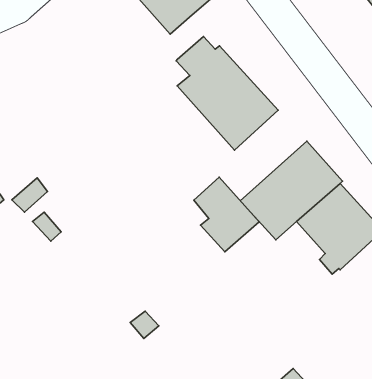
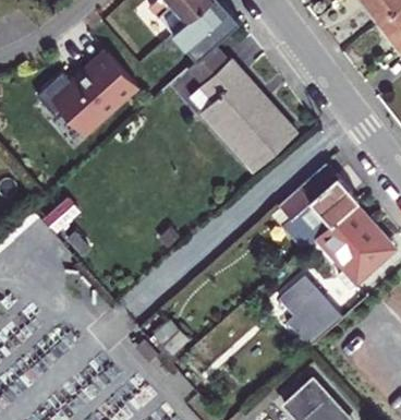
building: none -> [187,43,242,85]
building: none -> [38,52,137,133]
building: [194,177,259,252] -> [280,275,342,346]

